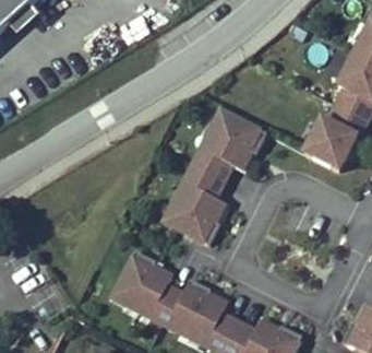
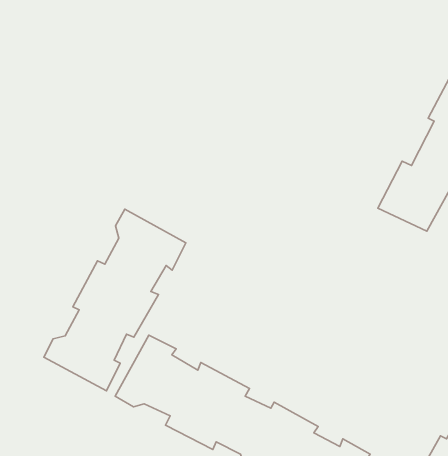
building: [165,117,266,247] -> [44,209,186,391]

